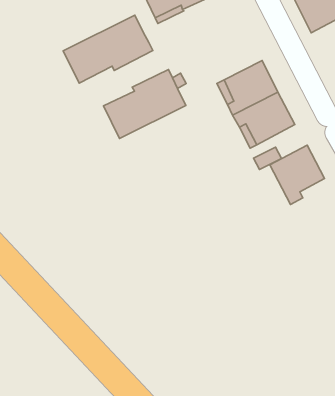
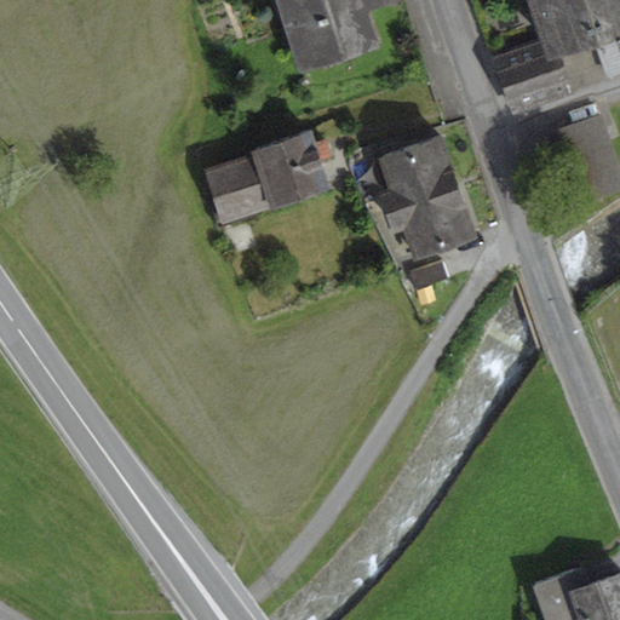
building: [63,15,153,83] -> none
building: [270,145,325,205] -> none

